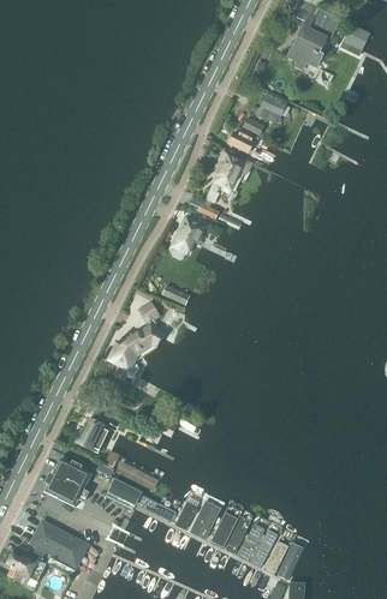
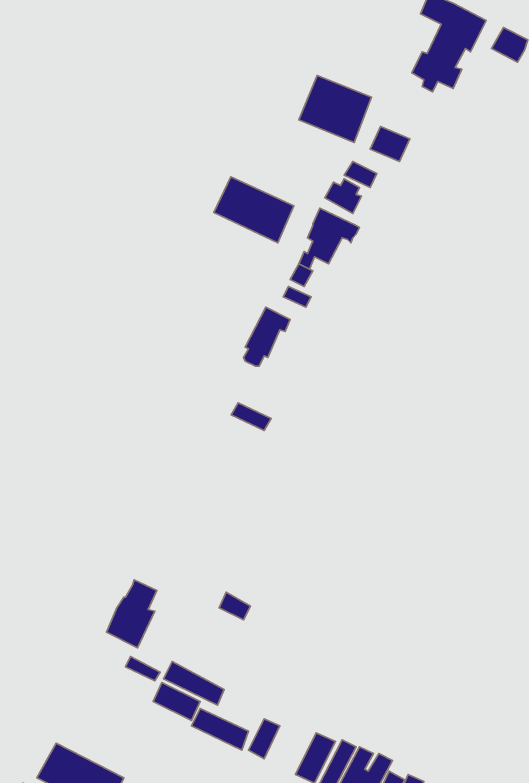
building: none -> [299,76,372,143]
building: none -> [214,177,294,243]
building: [108,301,167,371] -> none
building: [41,457,91,509] -> none
building: [191,503,222,541] -> none

